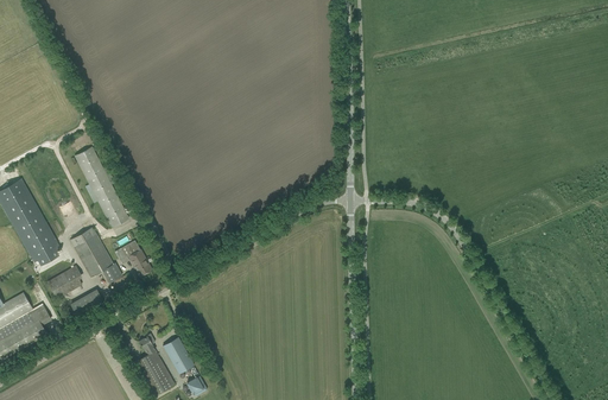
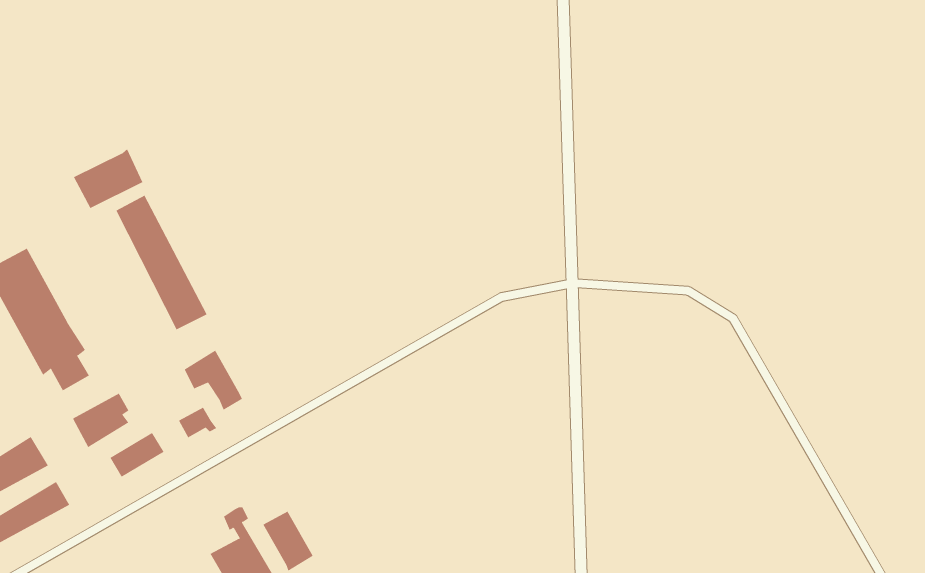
building: none -> [73,148,143,209]
building: [70,227,120,280] -> none

